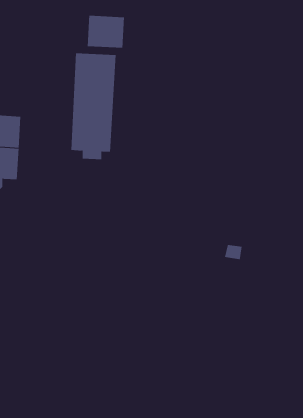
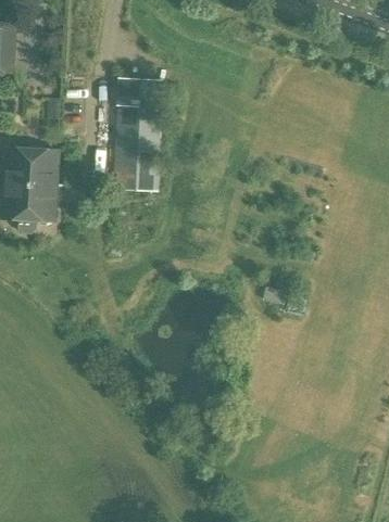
building: [87,15,124,48] -> none

